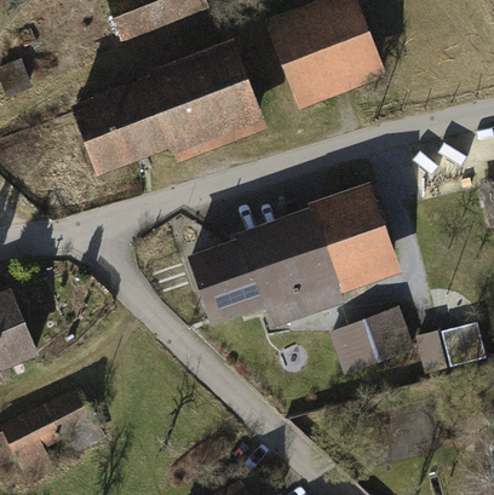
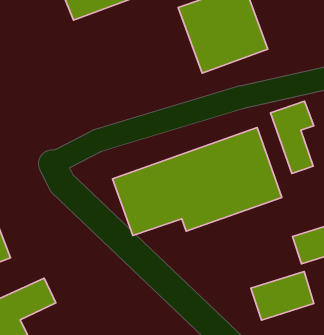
building: [67,40,266,177] -> none
building: none -> [271,101,314,173]
building: [328,309,414,375] -> [251,271,314,320]

